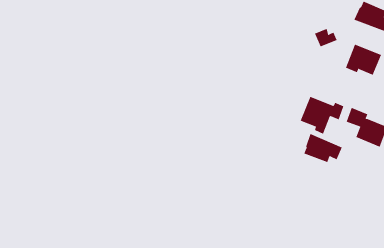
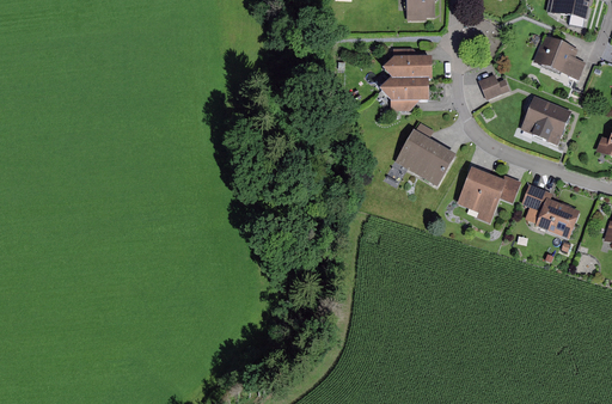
building: none -> [387,55,433,111]
building: none -> [394,129,455,186]
building: [304,133,342,163] -> none

